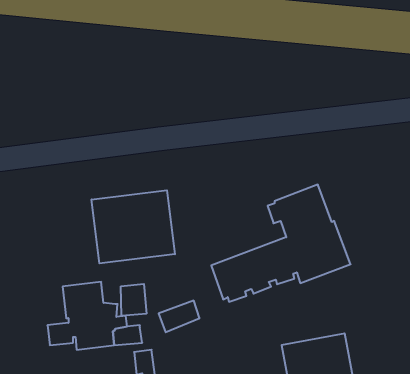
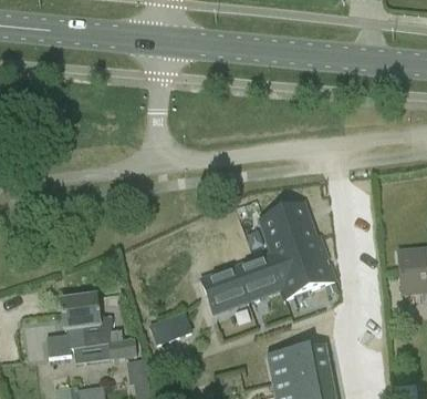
building: [92,190,175,263] -> none
building: [121,284,146,316] -> none

